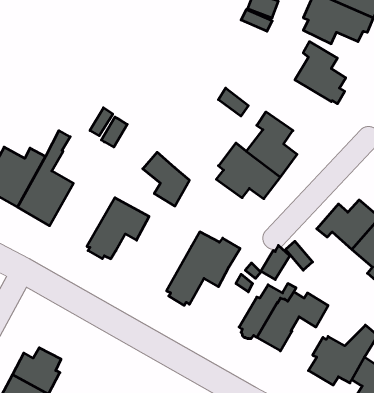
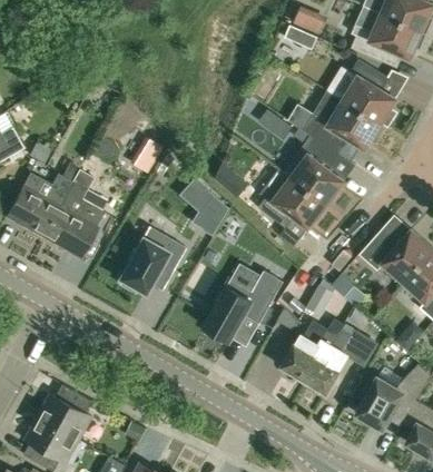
building: none -> [311,90,381,155]

